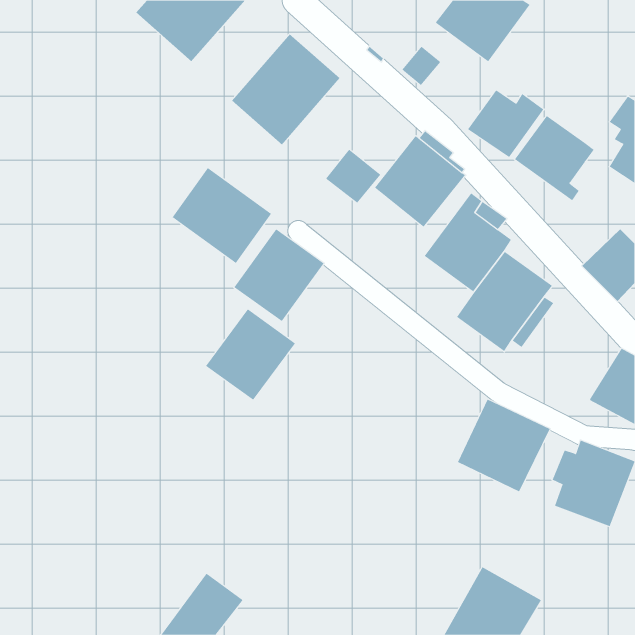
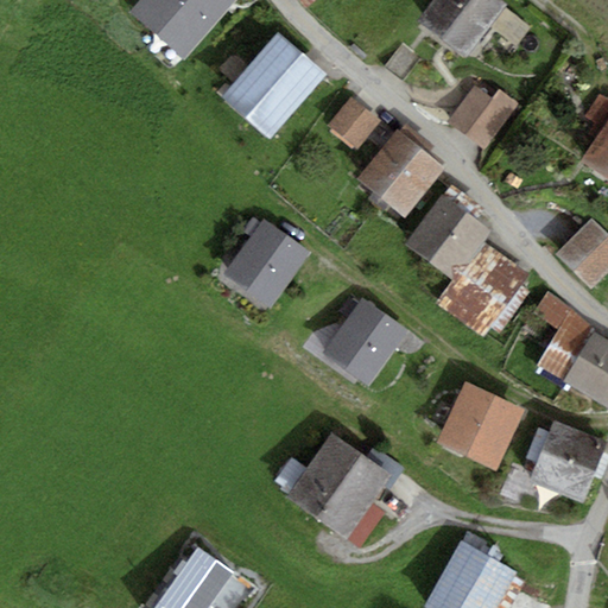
building: [514,115,594,201] -> none
building: [325,149,381,203] -> [328,97,381,150]
building: [172,167,272,264] -> none
building: none -> [533,292,595,380]
building: [205,309,296,401] -> [322,298,408,386]
building: none -> [277,432,394,540]

